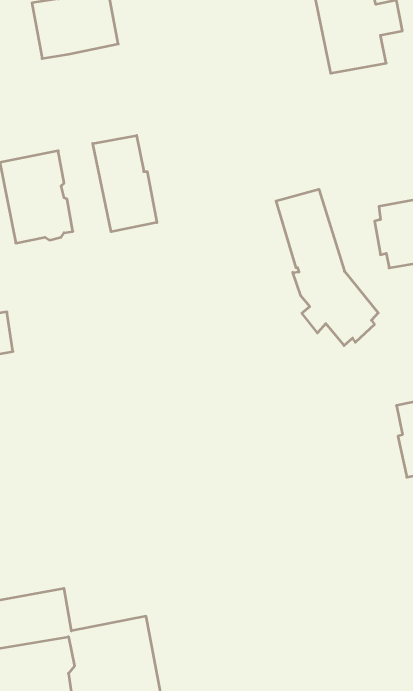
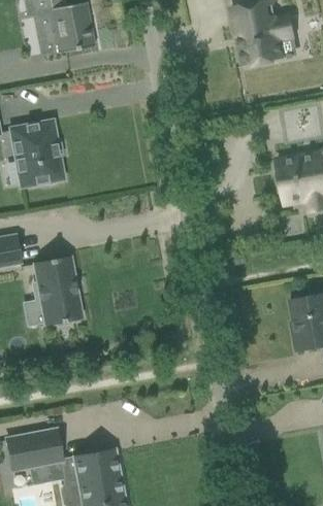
building: [93,135,157,232] -> none
building: [276,189,378,346] -> none
building: none -> [31,257,82,325]

